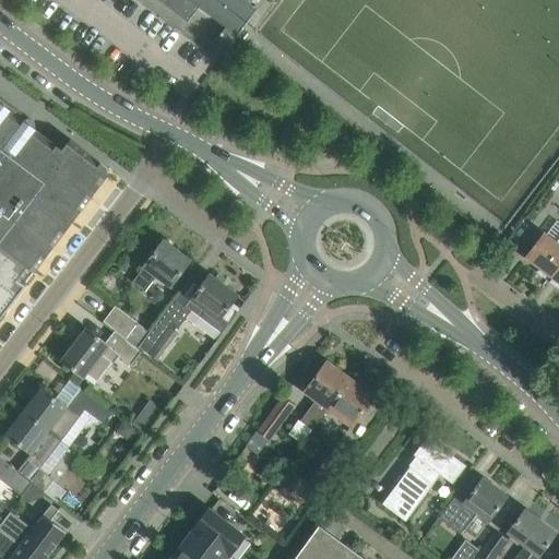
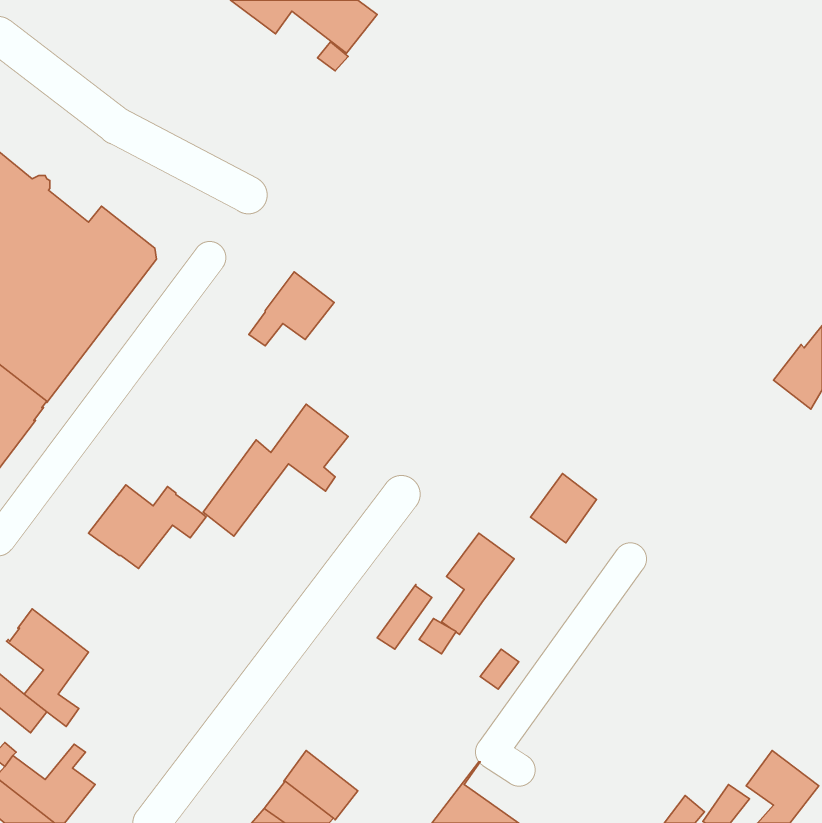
building: [131,240,189,290] -> [249,272,334,346]
building: [103,306,146,346] -> none
building: [326,379,371,426] -> [530,474,596,543]
building: [22,388,104,442] -> none
building: [381,437,464,521] -> none
building: [447,478,506,534] -> none

